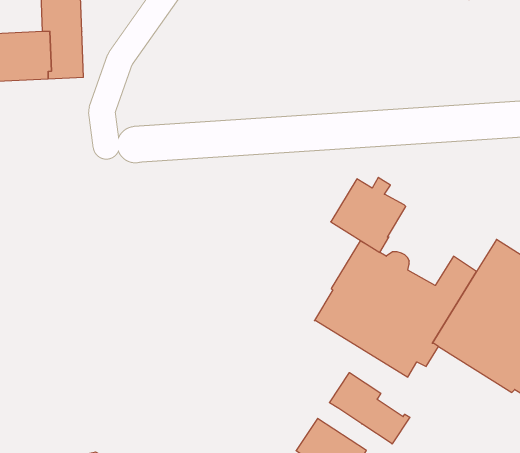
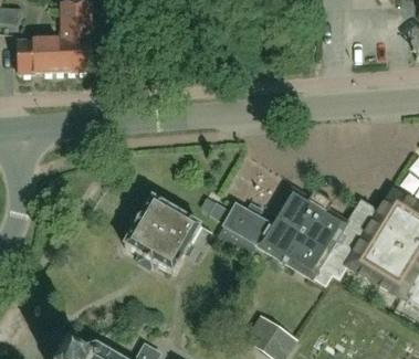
building: [331,177,406,252] -> [218,203,272,257]
building: none -> [124,198,199,273]
building: [329,373,410,444] -> none

